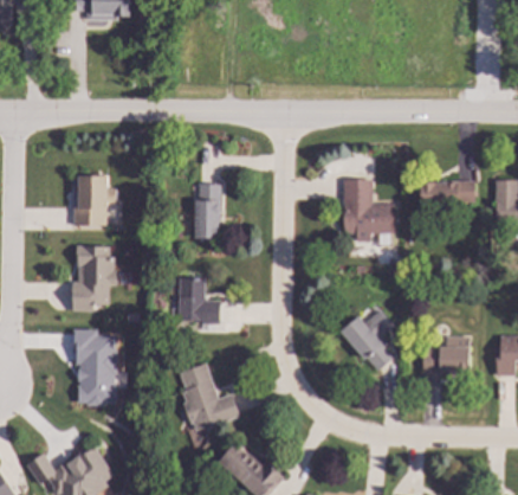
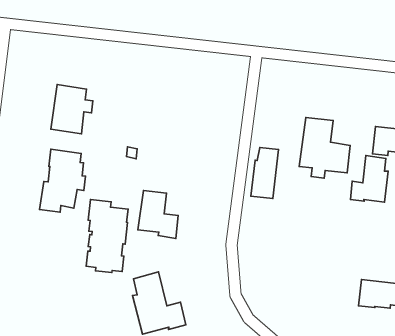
building: [194,185,218,238] -> [251,147,278,199]
building: none -> [350,156,388,202]
building: [341,309,393,371] -> none
building: [72,330,115,406] -> [86,199,128,273]

